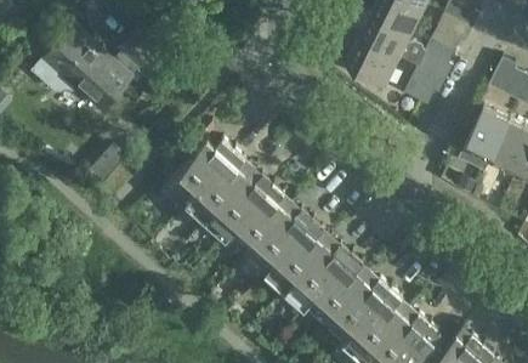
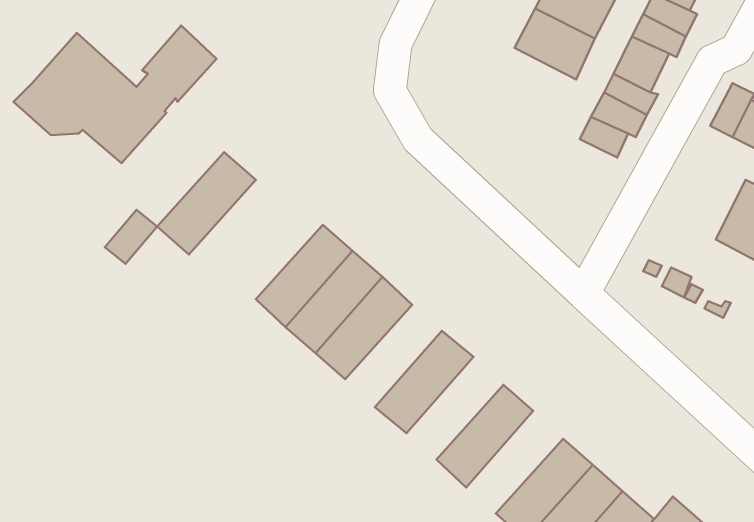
building: [346,36,399,84] -> none
building: [458,109,510,174] -> none
building: [170,134,234,200] -> [157,152,256,255]
building: [249,204,312,271] -> none
building: [289,238,352,305] -> none
building: [328,273,391,340] -> none

